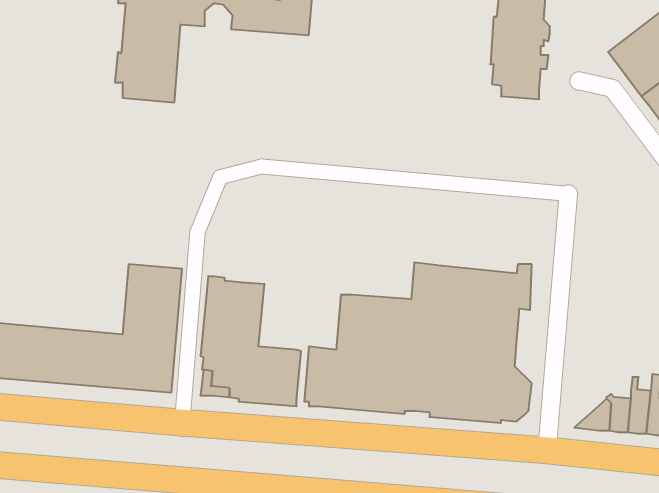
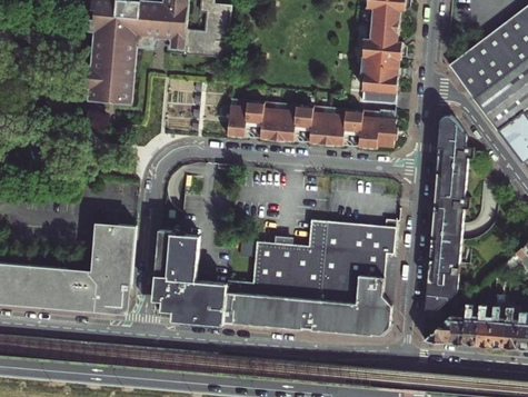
building: none -> [229,98,399,150]
building: none -> [425,115,470,309]

